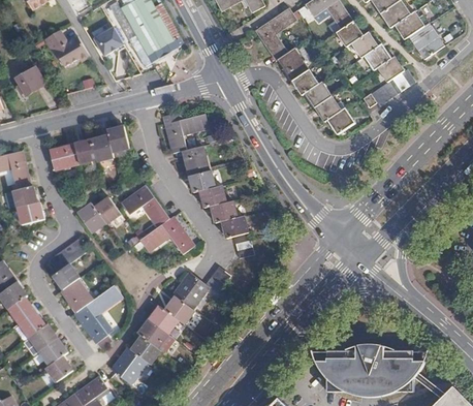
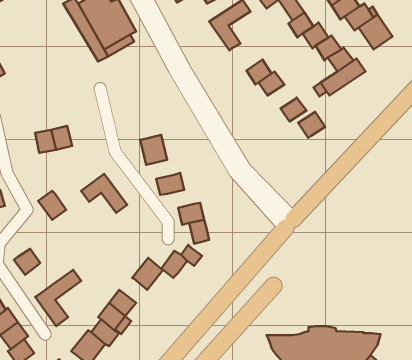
building: [94,29,123,58] -> none
building: [43,32,89,68] -> none
building: [277,46,309,80] -> none
building: [314,94,342,121] -> [298,112,325,138]
building: [163,112,210,153] -> none
building: [106,126,129,153] -> none
building: [52,144,78,169] -> none
building: [189,170,218,193] -> none
building: [95,196,123,225] -> none
building: [211,200,239,223] -> none
building: [140,216,195,255] -> none
building: [48,238,87,272] -> none
building: [62,280,92,312] -> none
building: [165,294,195,324] -> none

